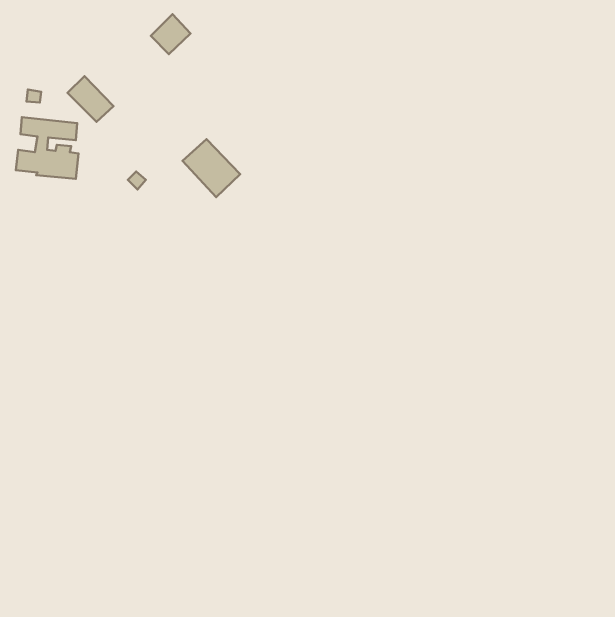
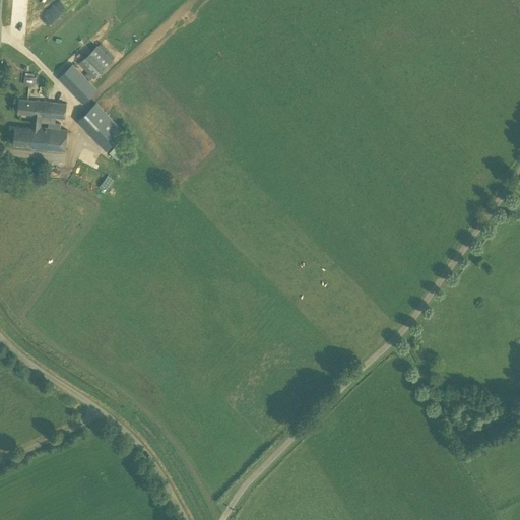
building: [151,14,191,54] -> [77,45,111,78]
building: [182,139,240,197] -> [75,102,124,150]

